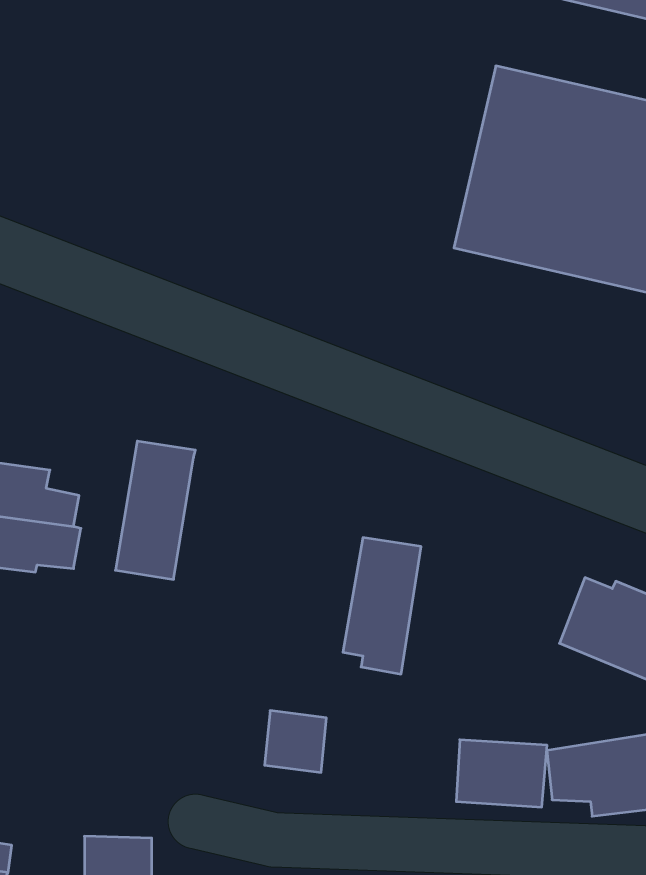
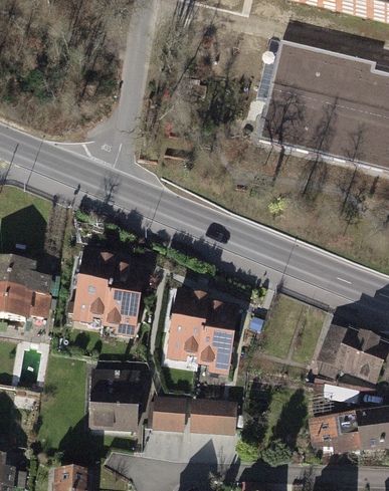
building: none -> [103,256,146,336]
building: none -> [164,287,209,363]
building: none -> [89,366,140,426]
building: [456,740,547,807] -> [189,398,239,435]

